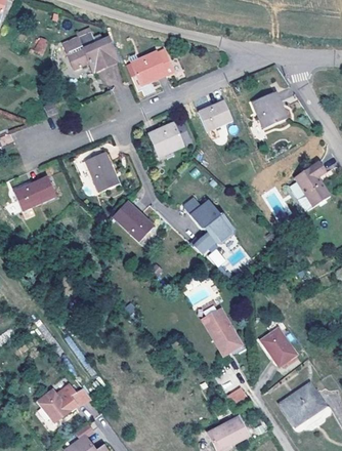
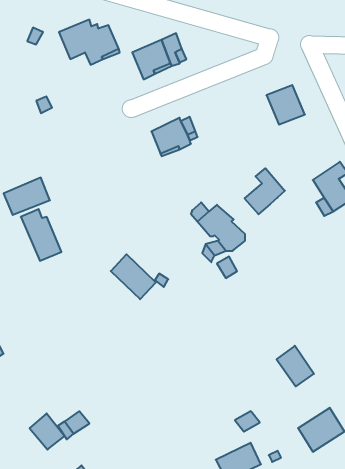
building: [199,99,232,130] -> none
building: [82,145,119,192] -> [21,209,61,261]
building: none -> [245,168,285,214]
building: [113,200,154,241] -> [111,254,156,299]
building: [203,309,242,354] -> none

